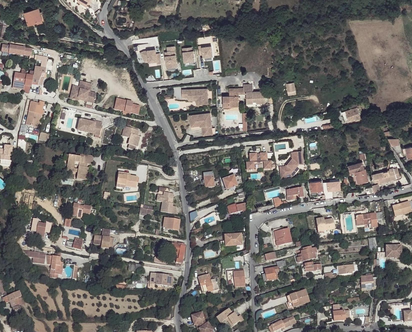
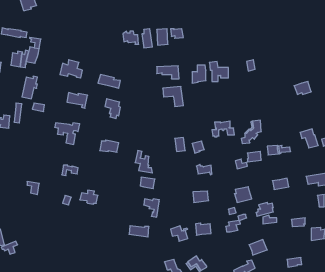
building: [28,251,63,279] -> none

